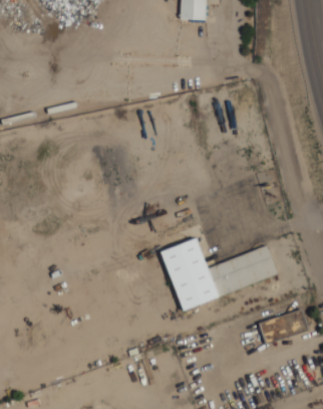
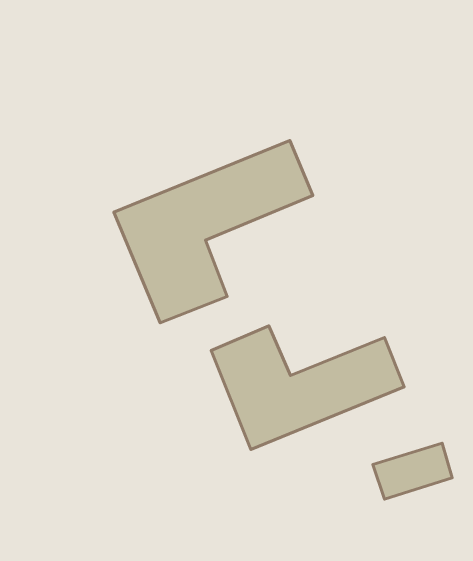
building: none -> [114,140,313,323]

